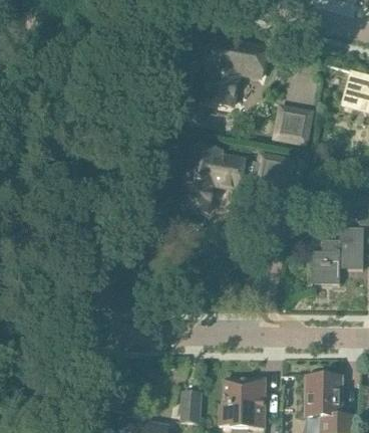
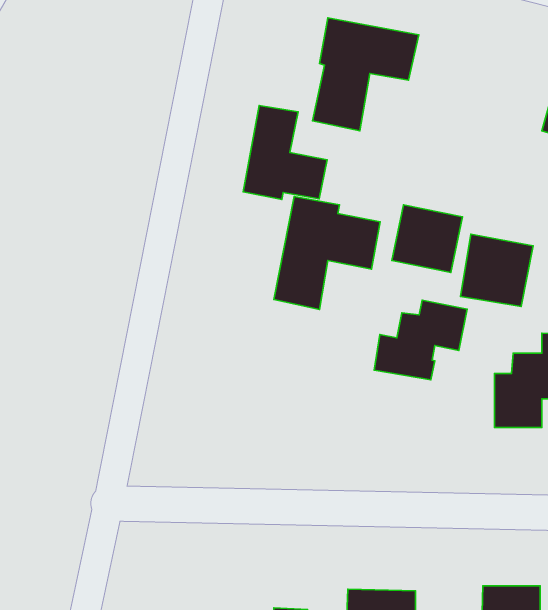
building: none -> [243,106,327,199]
building: [271,101,314,145] -> [461,234,533,306]
building: none -> [374,300,467,380]

